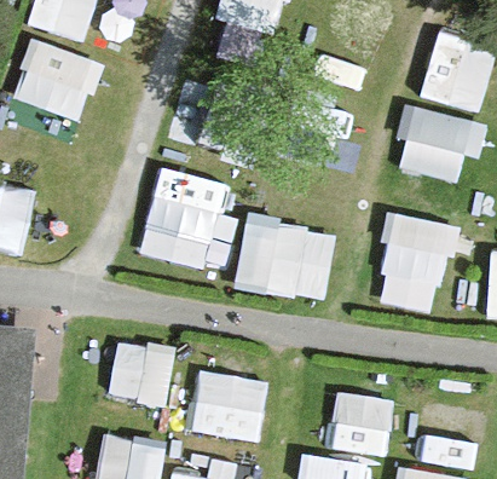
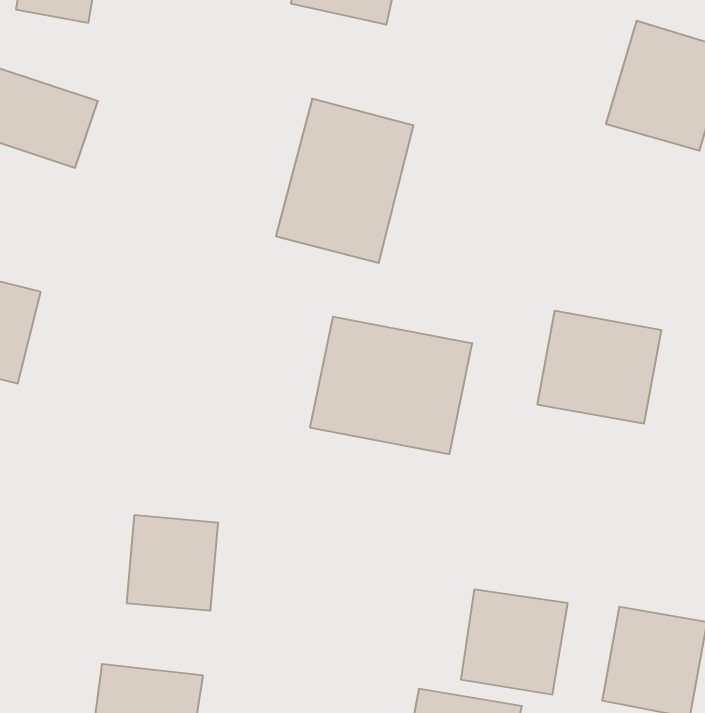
building: [393,106,476,181] -> none
building: [143,168,230,272] -> [276,99,413,263]
building: [189,364,267,442] -> none

